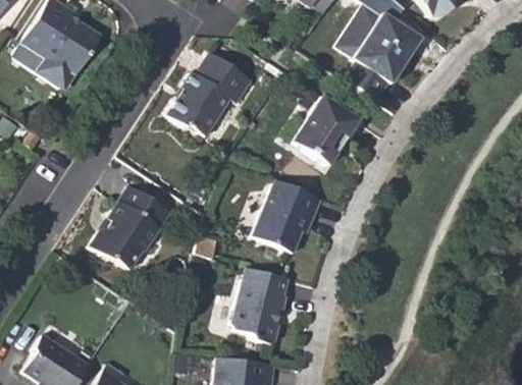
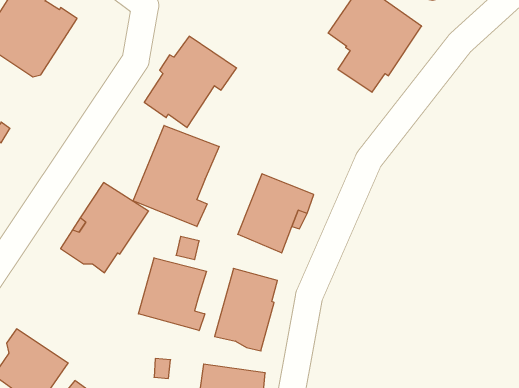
building: [292,94,362,164] -> none
building: none -> [133,125,219,227]
building: none -> [138,258,206,331]

